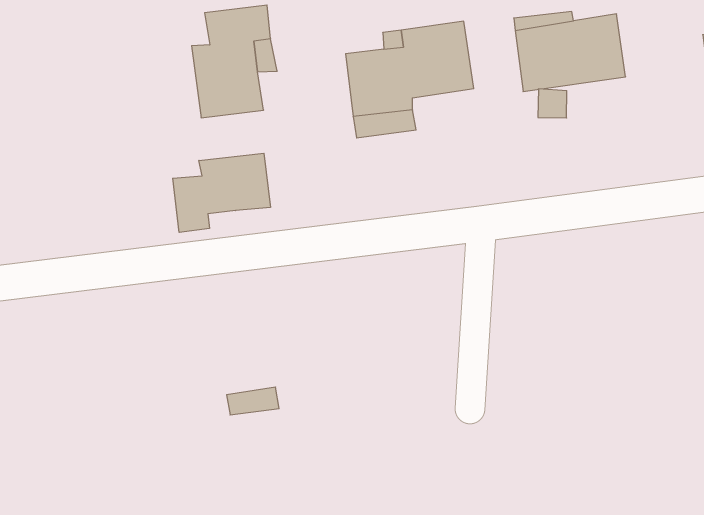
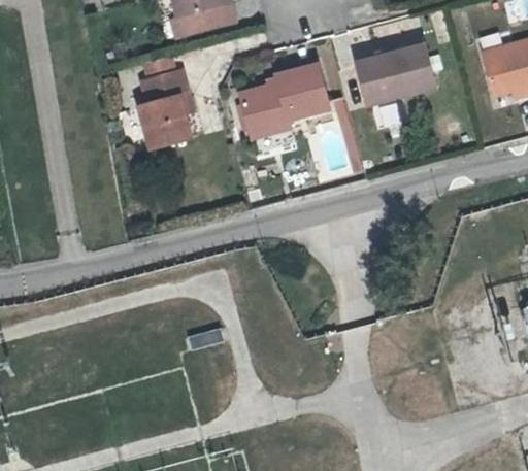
building: [173,153,270,232] -> none

